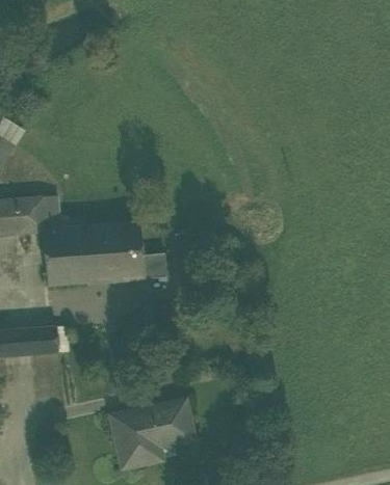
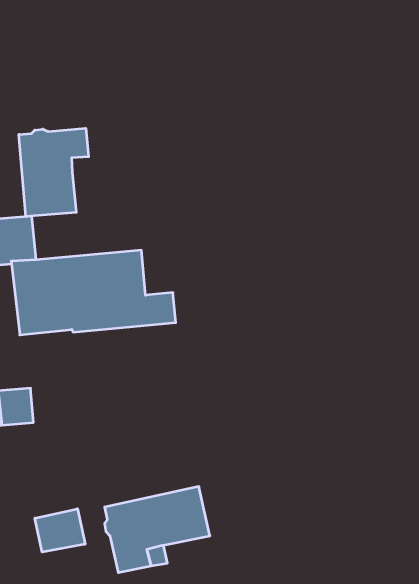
building: none -> [19,128,89,217]
building: none -> [35,509,85,552]

